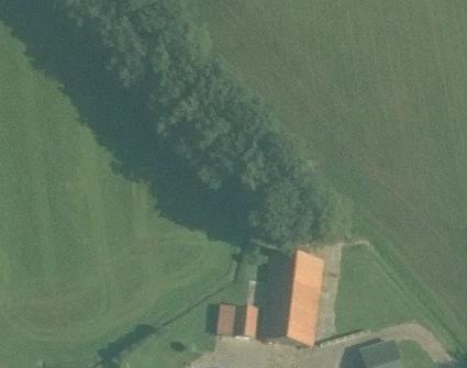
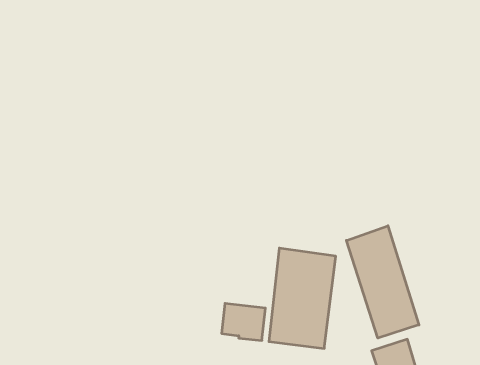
building: none -> [346,226,419,338]

